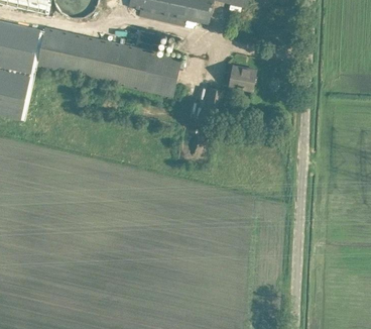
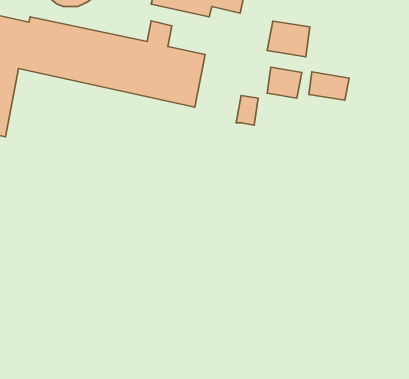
building: none -> [267,21,310,57]
building: none -> [309,72,349,100]

